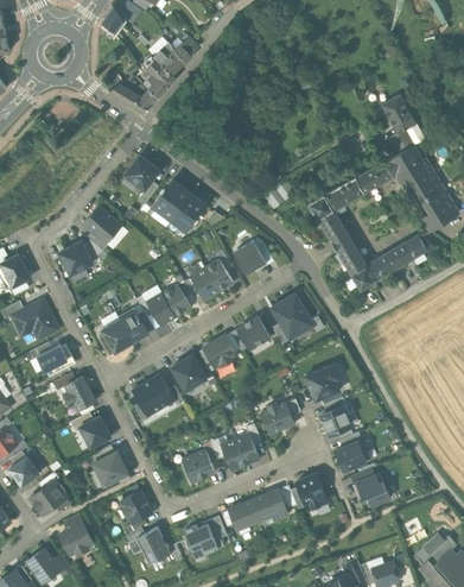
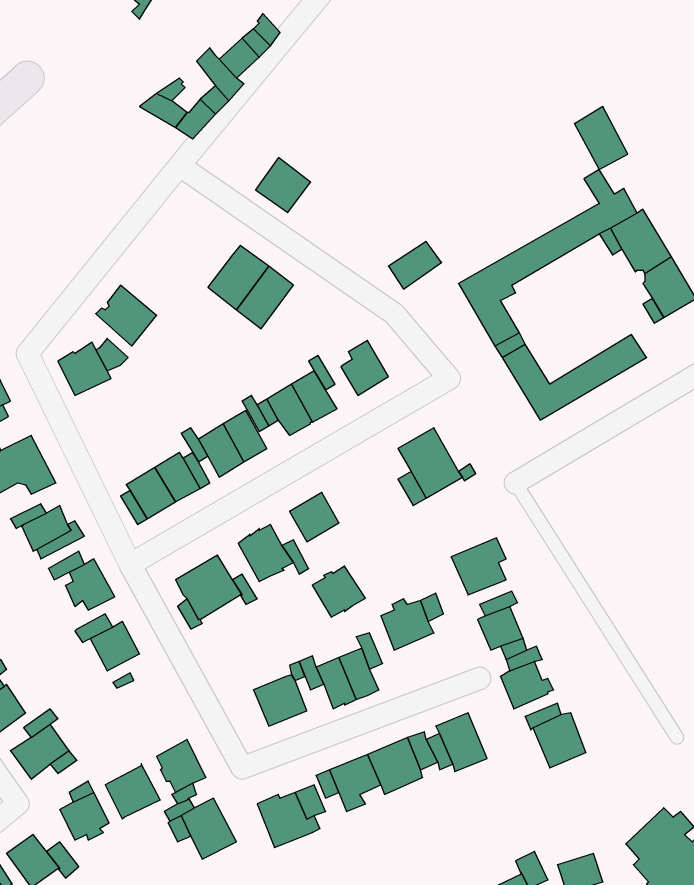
building: [125,156,159,190] -> [256,158,311,213]
building: [237,317,271,349] -> [312,566,365,617]
building: [94,450,128,485] -> [105,764,160,819]

